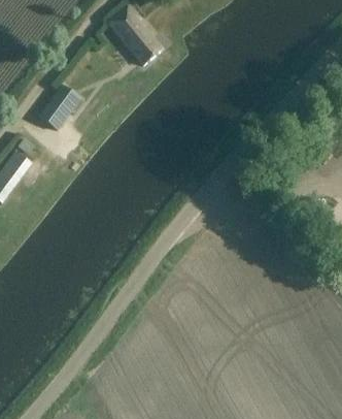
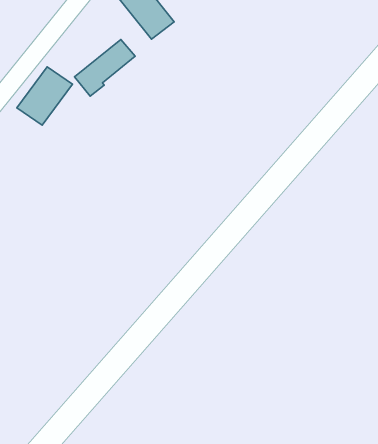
building: none -> [74,39,135,96]

